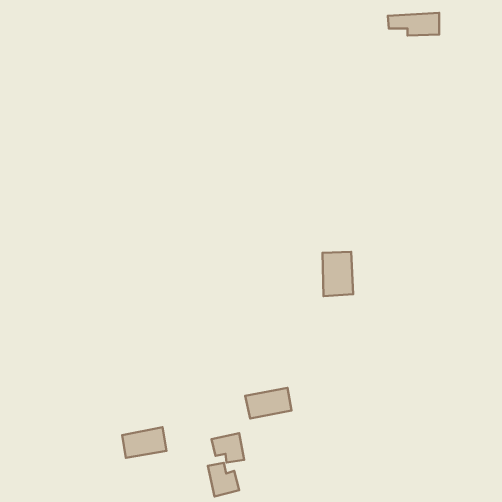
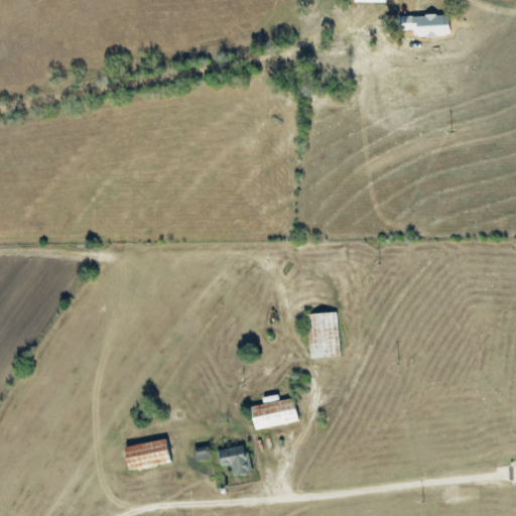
building: [323,252,353,296] -> [307,311,339,357]
building: [208,463,239,496] -> none

